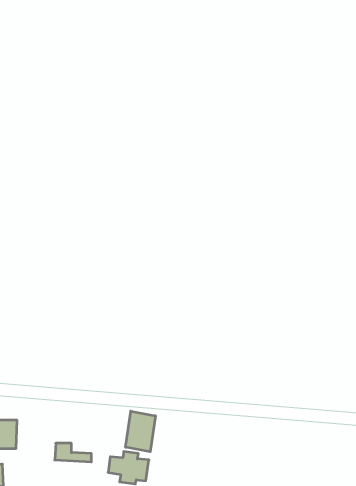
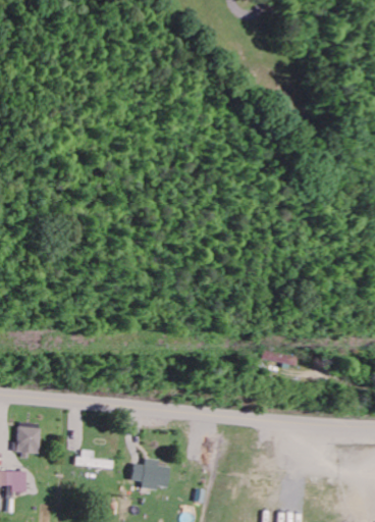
building: [126,411,155,452] -> none

